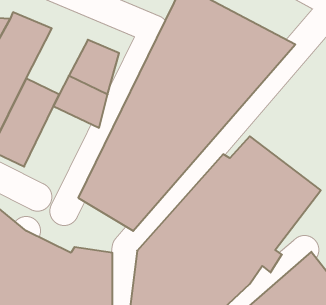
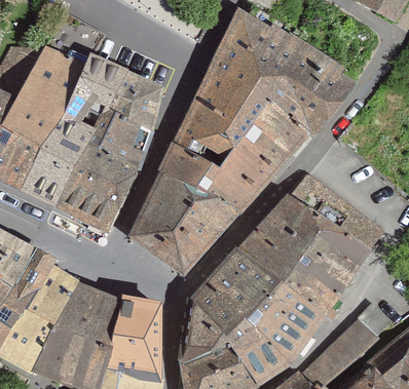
building: none -> [66,53,133,131]
building: none -> [64,144,145,233]

